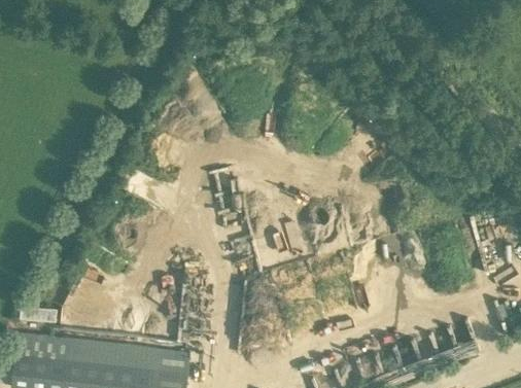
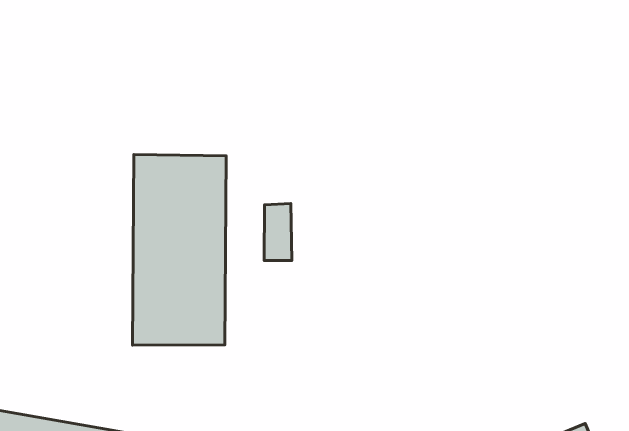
building: none -> [132,155,226,345]

